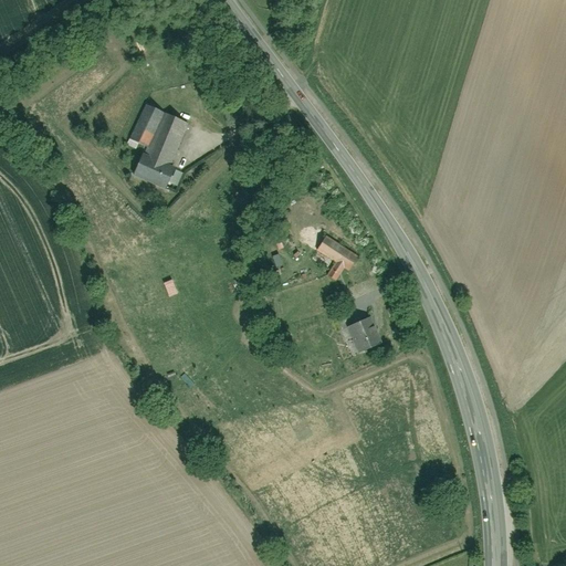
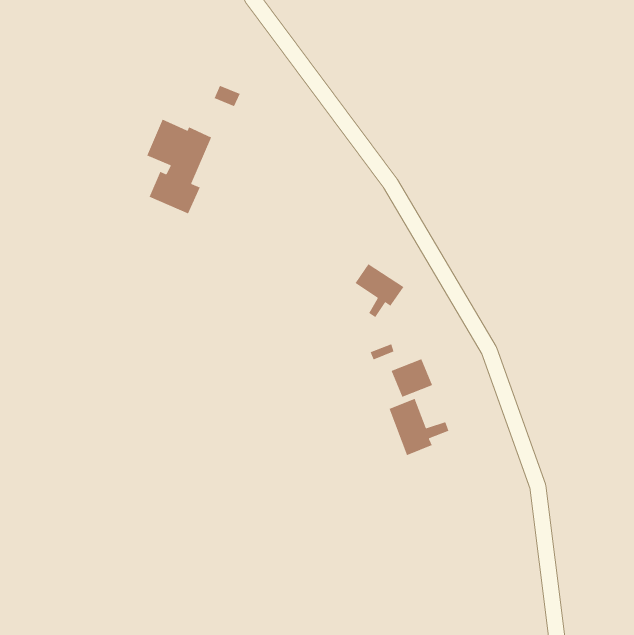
building: none -> [389,398,450,456]

